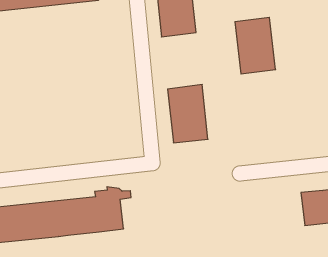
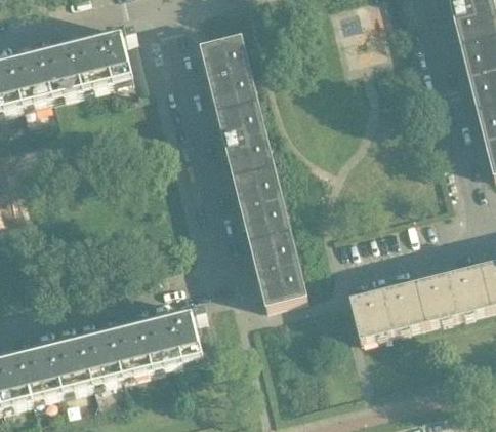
building: [235,17,276,74] -> [215,99,274,173]
building: none -> [248,229,306,304]
building: none -> [347,279,424,337]

